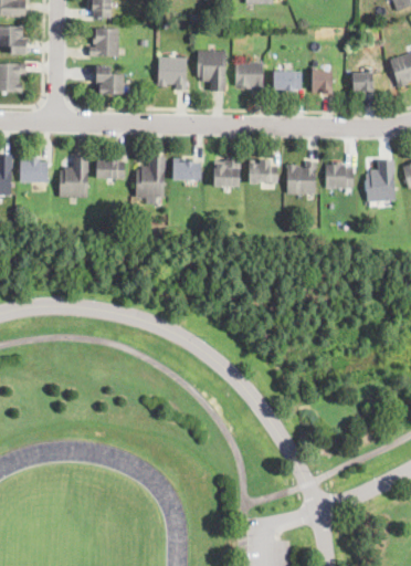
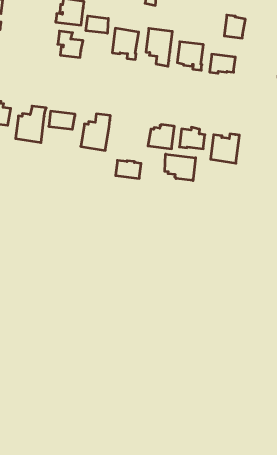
building: none -> [86,16,108,33]
building: [310,70,333,94] -> [224,15,245,38]
building: [172,161,200,180] -> [116,160,141,178]
building: [325,161,352,188] -> none
building: none -> [165,154,196,181]

